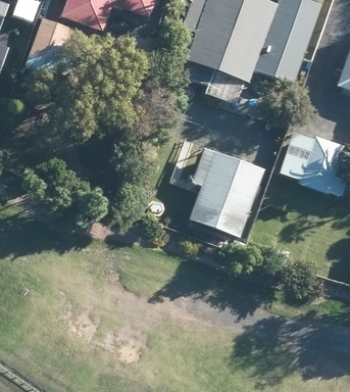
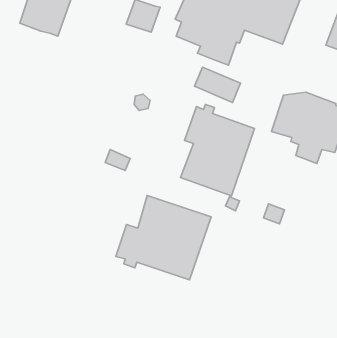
building: none -> [116,196,211,280]

